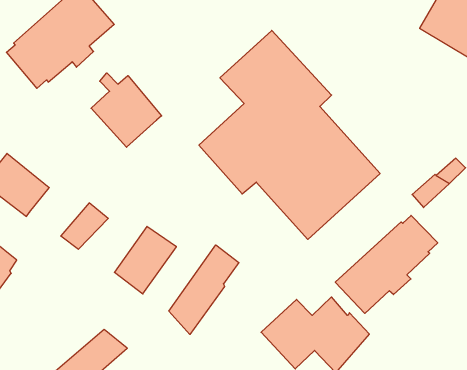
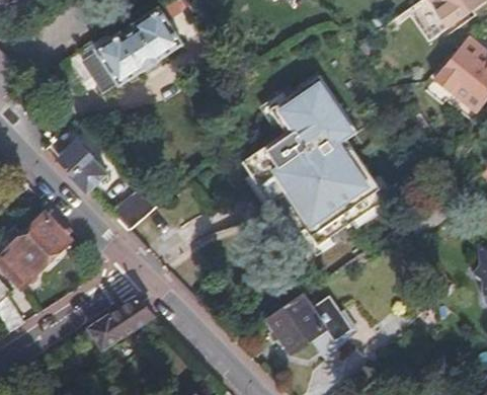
building: [91,73,162,147] -> none
building: [335,215,438,313] -> none
building: [169,245,239,334] -> none

